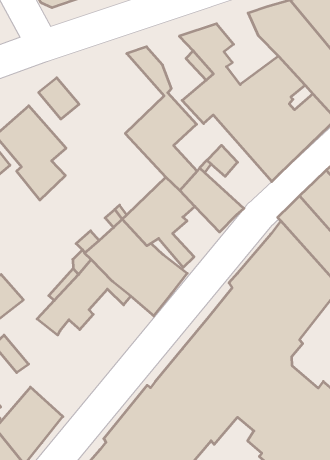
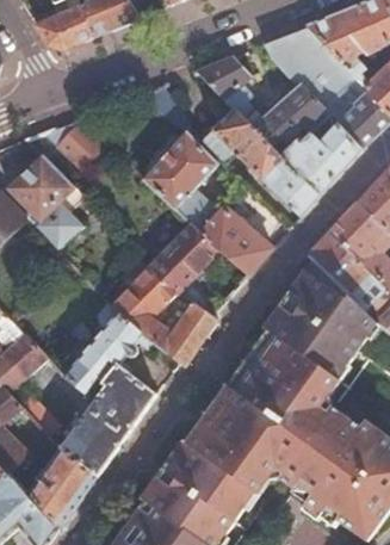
building: none -> [61,367,155,476]

